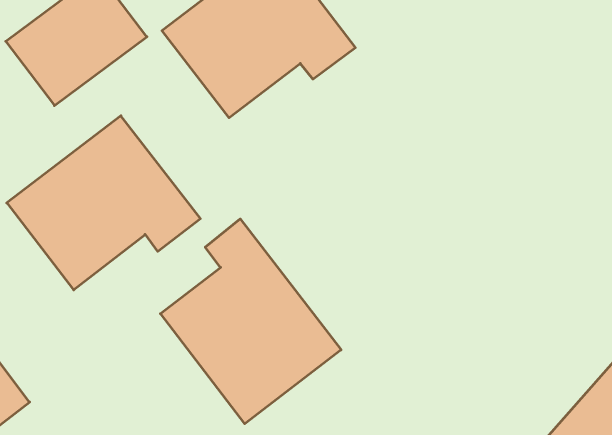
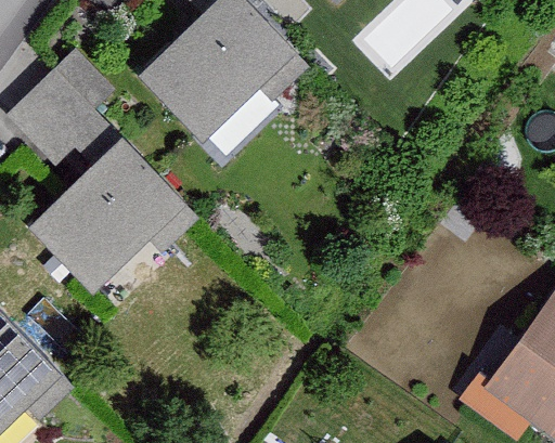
building: [160,219,341,424] -> none

